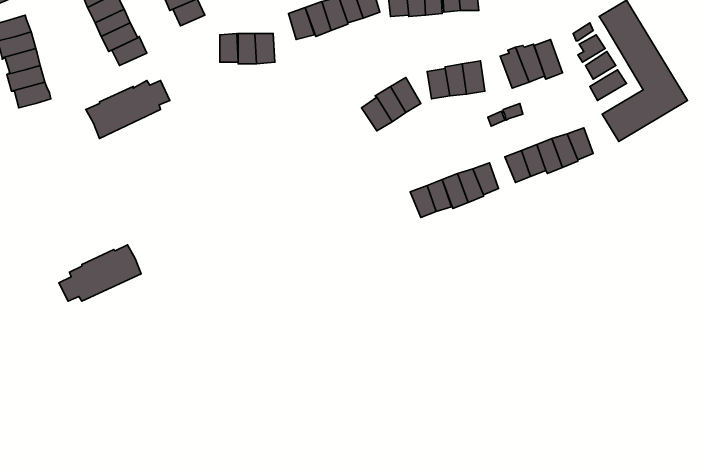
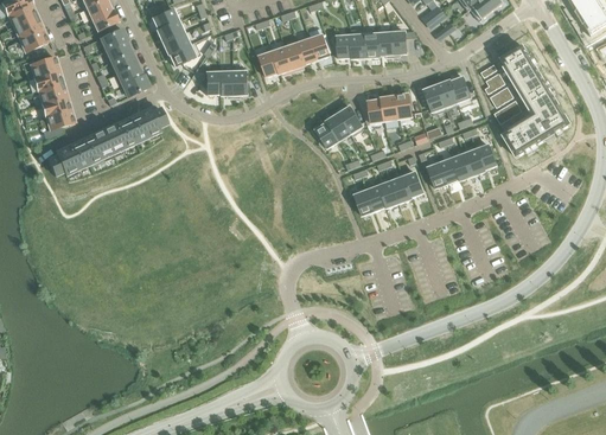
building: [59,245,141,301] -> [49,130,113,174]

